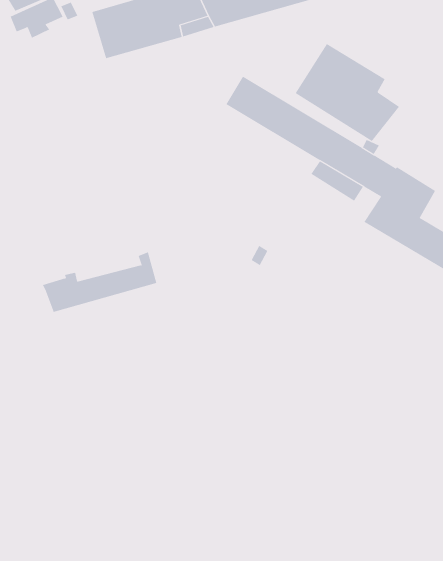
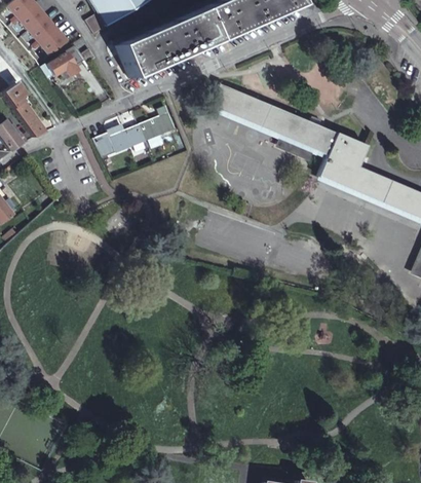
building: [295,43,400,142] -> none
building: [42,251,157,313] -> [93,105,175,157]

